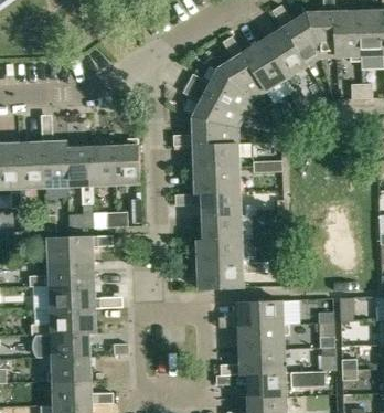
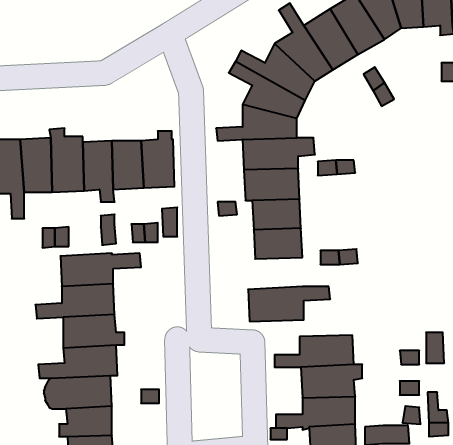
building: [198,237,241,263] -> none

